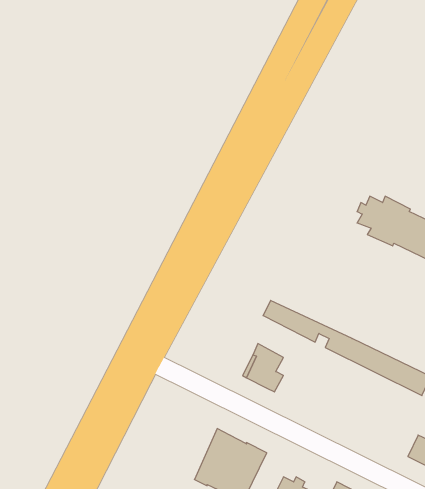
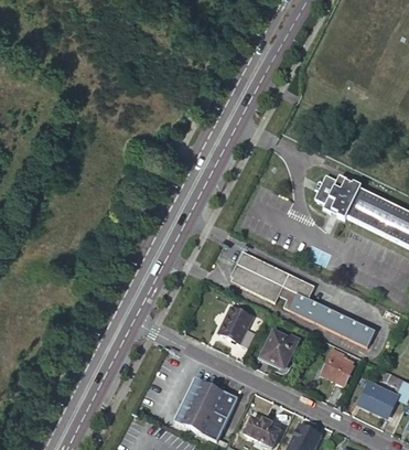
building: none -> [238,249,317,299]
building: none -> [258,326,297,365]
building: none -> [317,347,352,385]

